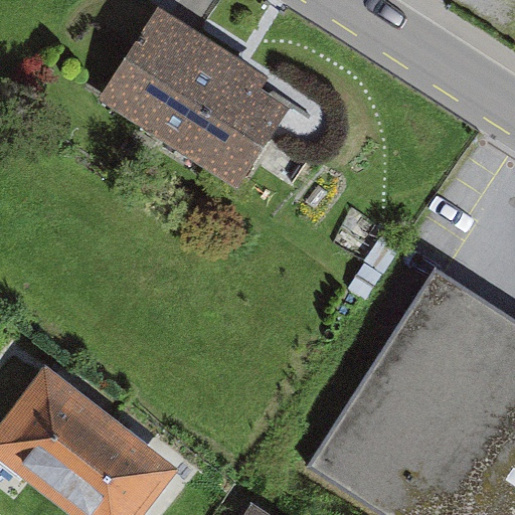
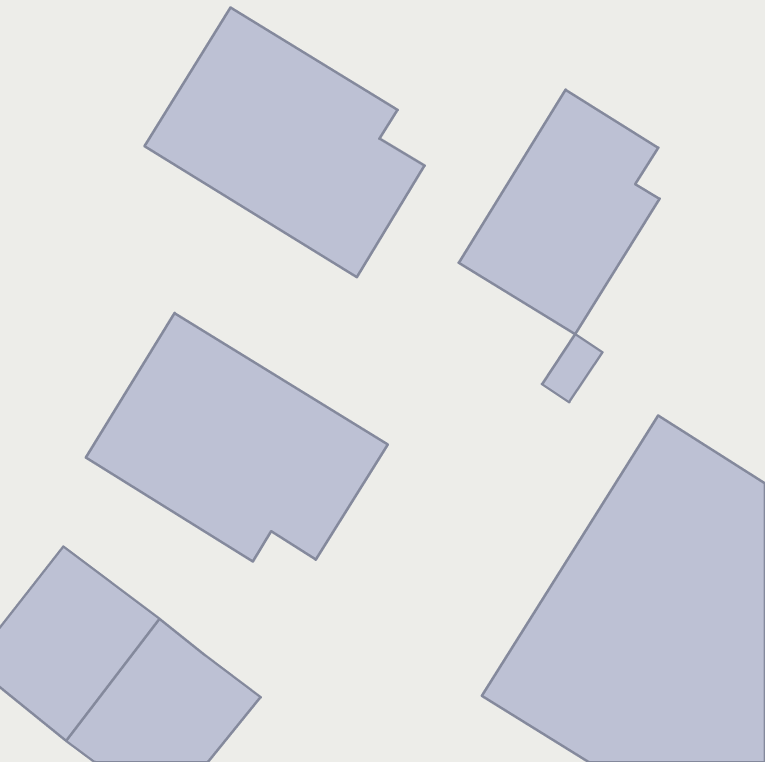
building: none -> [459,90,660,334]
building: none -> [86,313,388,561]

